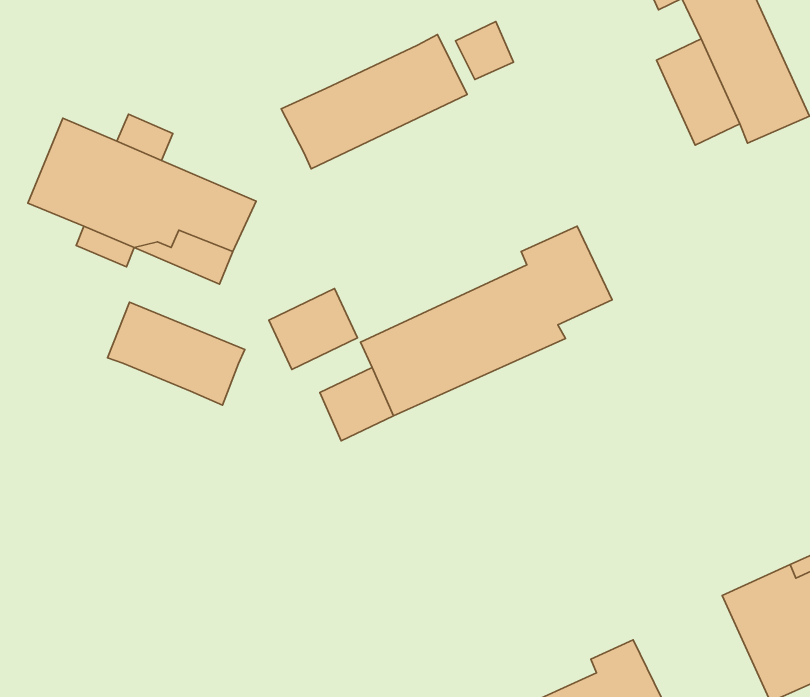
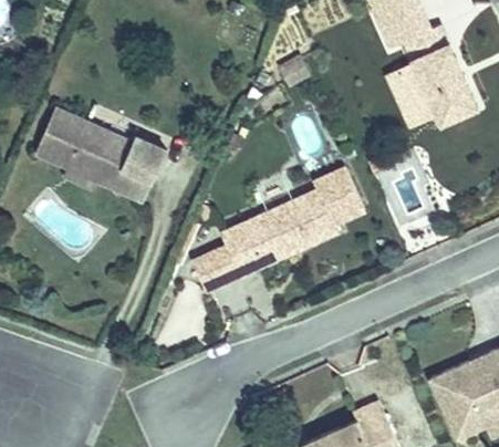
building: [281,35,467,169] -> none
building: [269,289,357,369] -> none
building: [107,302,245,405] -> none

